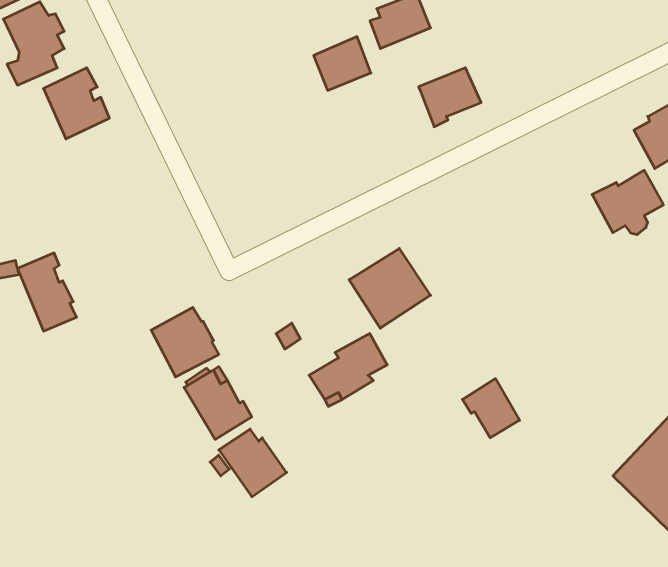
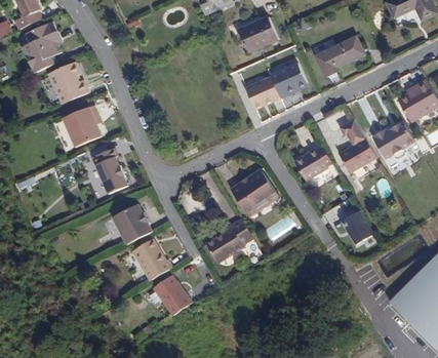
building: none -> [317,37,361,77]
building: [314,37,371,90] -> [246,76,280,108]
building: none -> [64,106,101,147]
building: none -> [339,119,376,173]
building: none -> [296,149,328,181]
building: [18,253,77,331] -> [93,148,128,194]
building: [462,379,520,438] -> [340,208,373,243]

